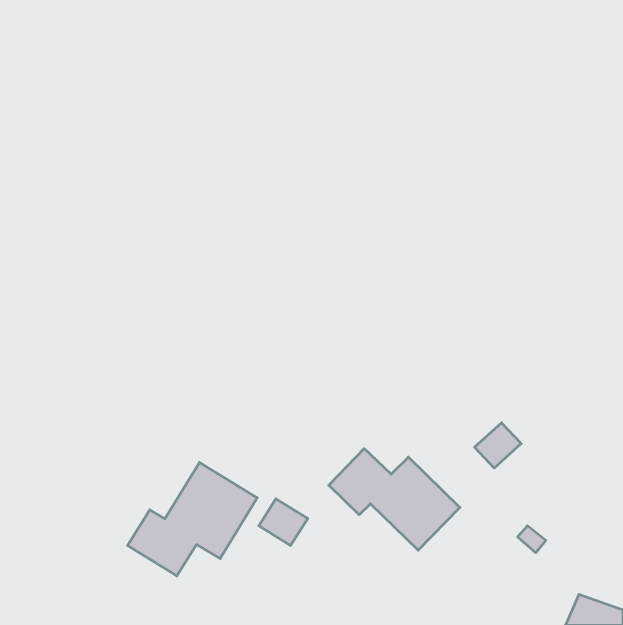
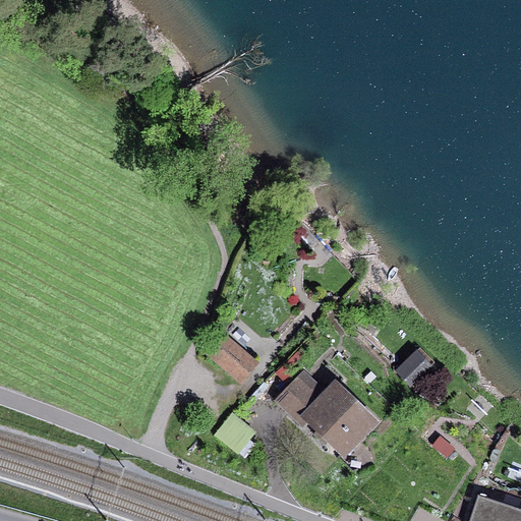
building: none -> [205,335,253,381]
building: [128,462,257,576] -> none

